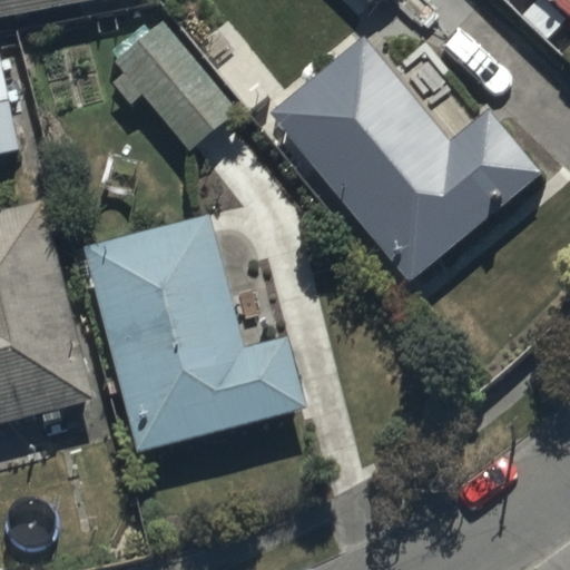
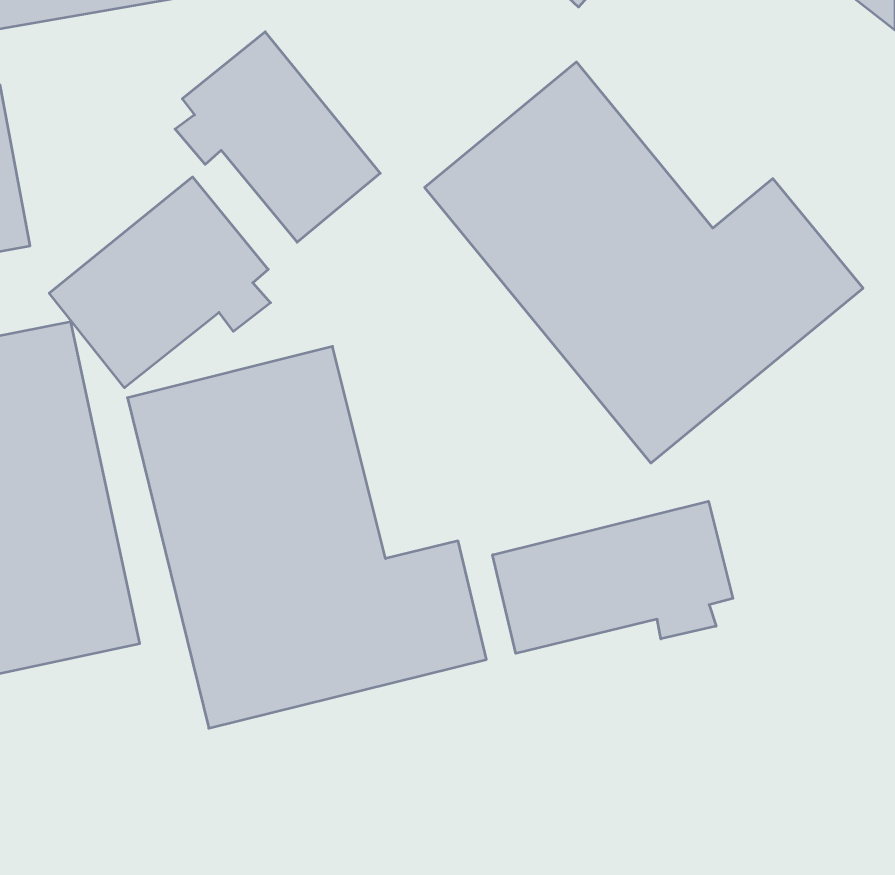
building: none -> [49,177,271,388]
building: none -> [493,501,733,653]

